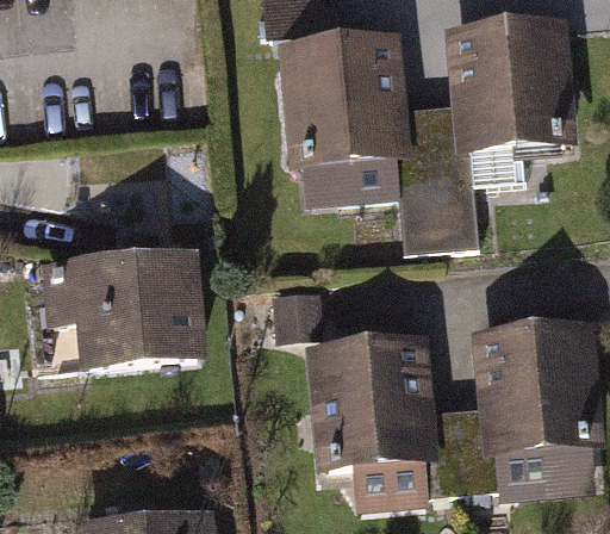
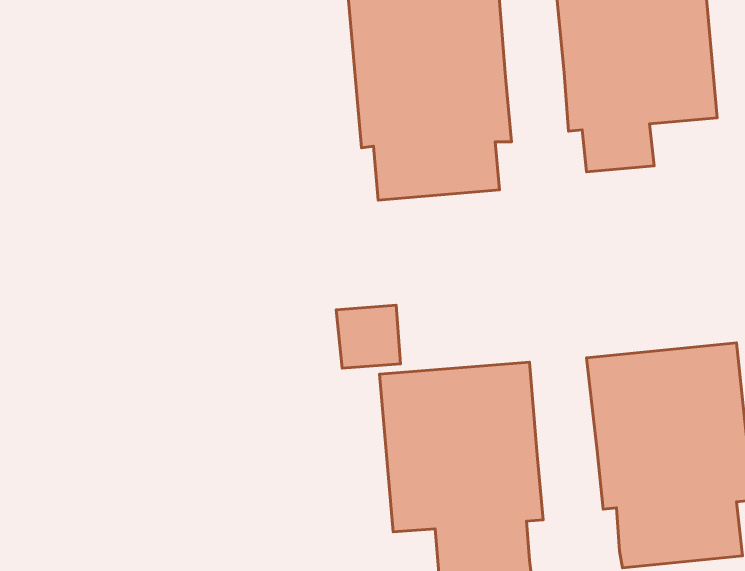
building: [398,105,475,250] -> none
building: [38,250,204,370] -> none
building: [423,405,497,492] -> none

